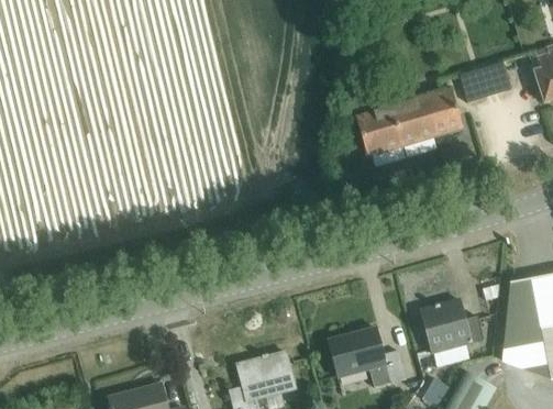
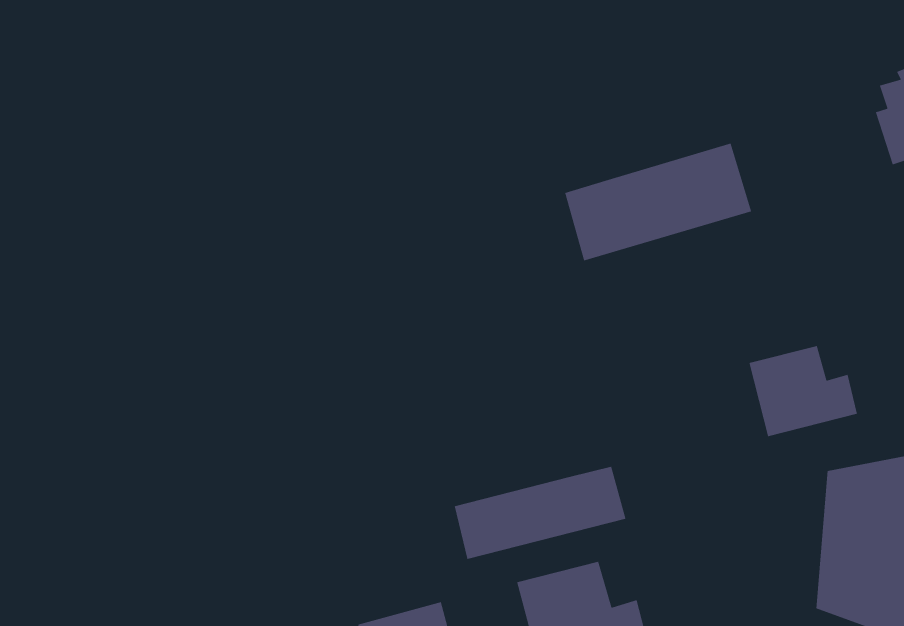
building: [464,62,515,98] -> none
building: none -> [454,466,627,560]
building: [420,300,483,353] -> [748,345,858,437]

